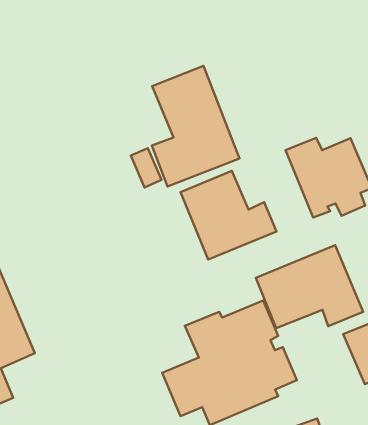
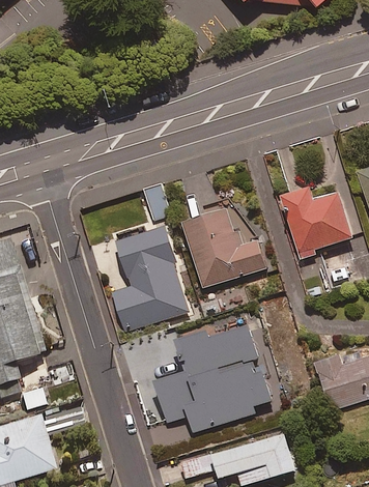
building: [152,66,240,187] -> [111,225,187,327]
building: [256,245,363,328] -> none

